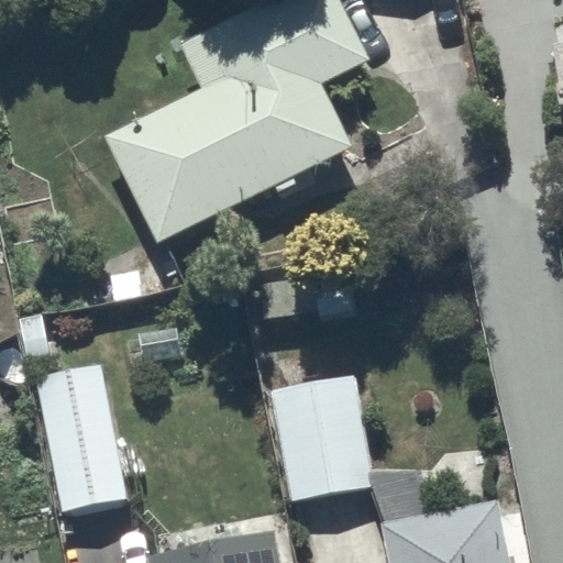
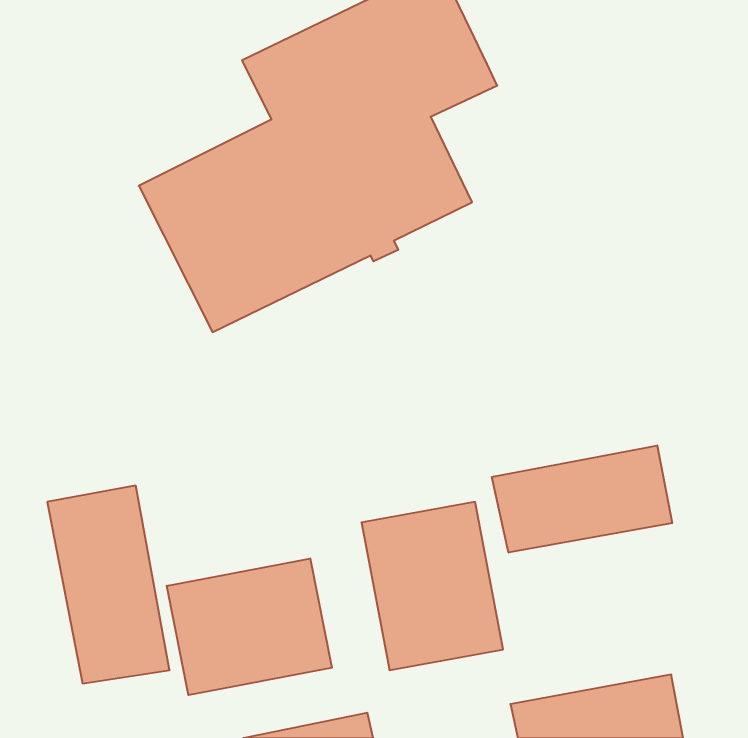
building: none -> [492,445,672,553]
building: none -> [167,558,332,695]

